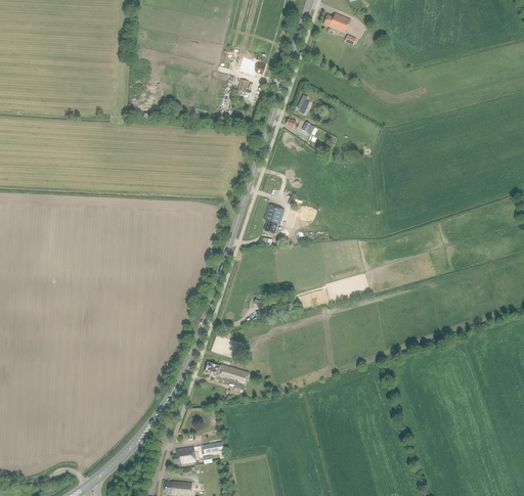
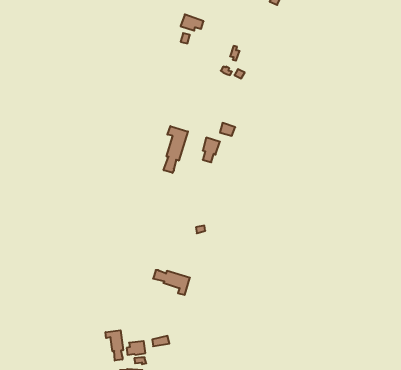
building: none -> [164,126,188,173]
building: none -> [106,330,123,361]

